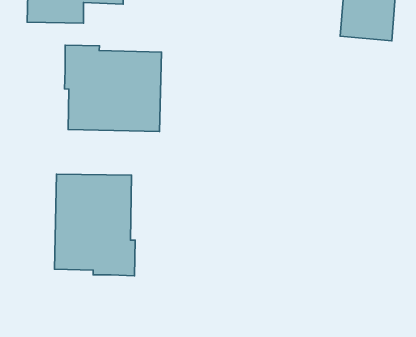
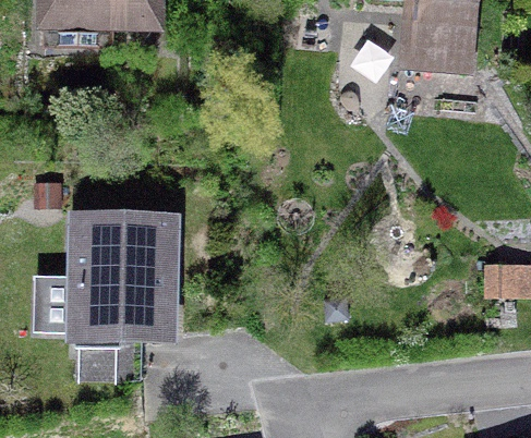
building: [64,45,162,131] -> none

